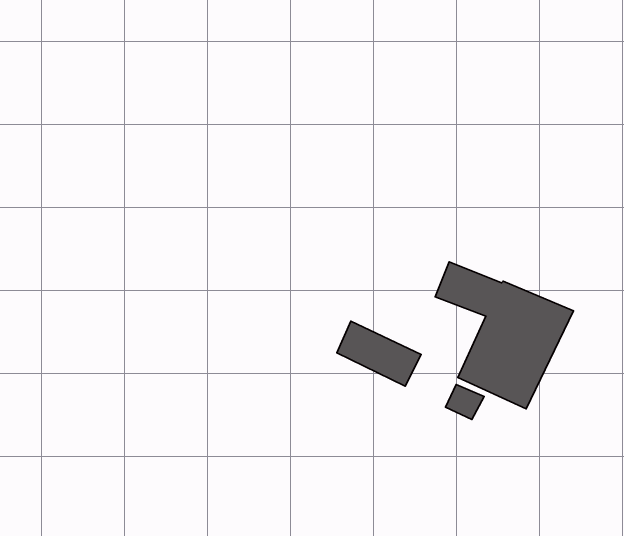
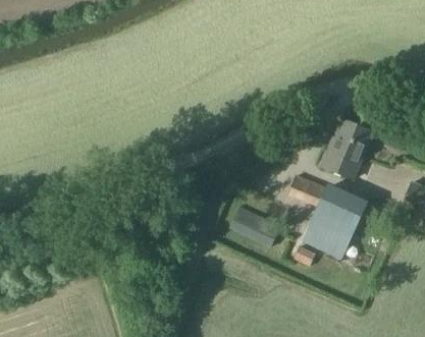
building: none -> [322,120,372,178]

